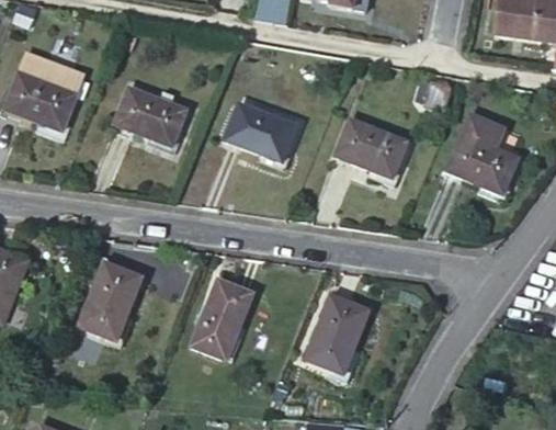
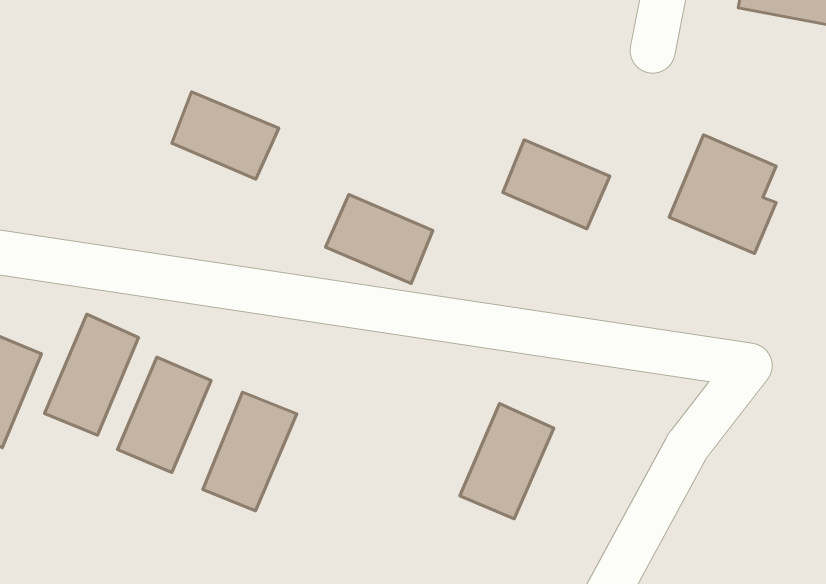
building: [7,54,84,127] -> none
building: [223,104,294,163] -> [326,194,433,283]
building: none -> [44,314,139,435]
building: [192,281,254,360] -> [203,392,297,511]

